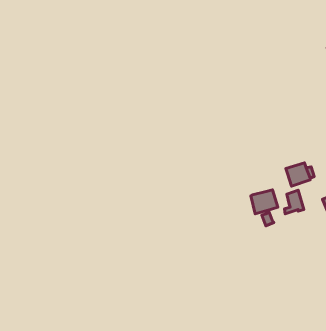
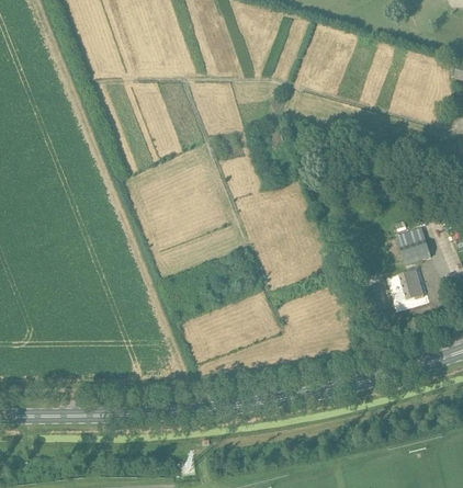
building: [251,190,278,214] -> none

